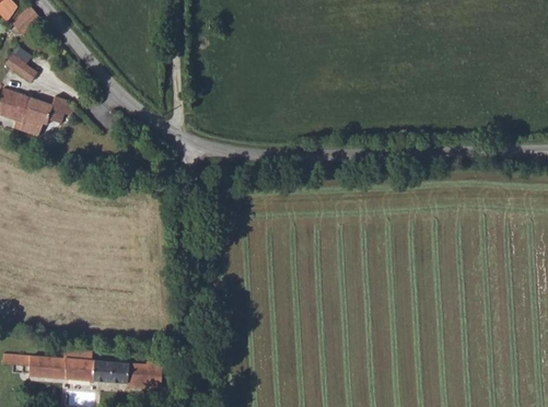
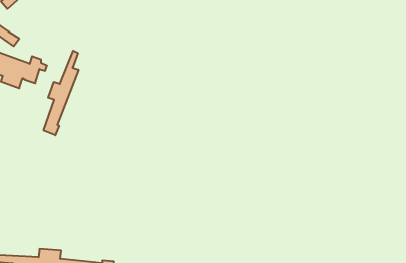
building: none -> [44,51,78,135]

